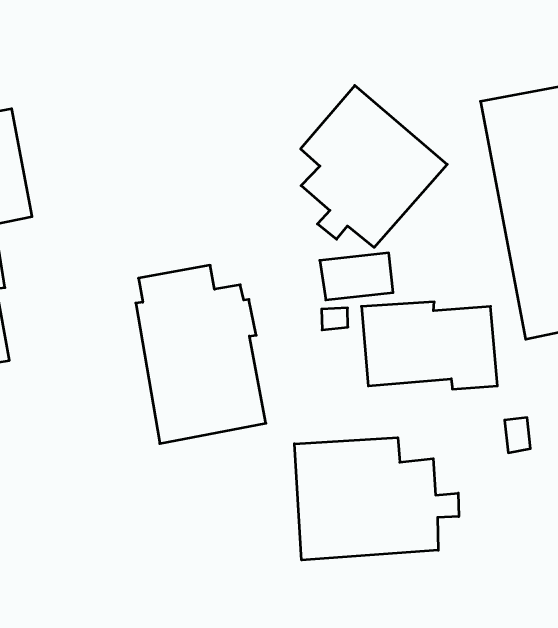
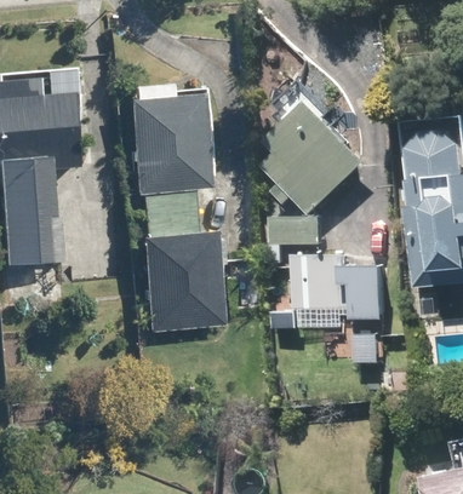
building: none -> [133,81,215,217]
building: [294,438,459,560] -> none

